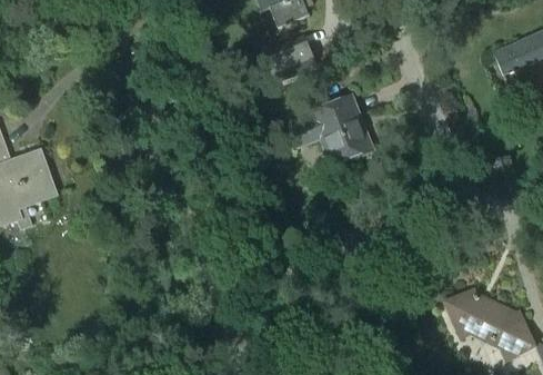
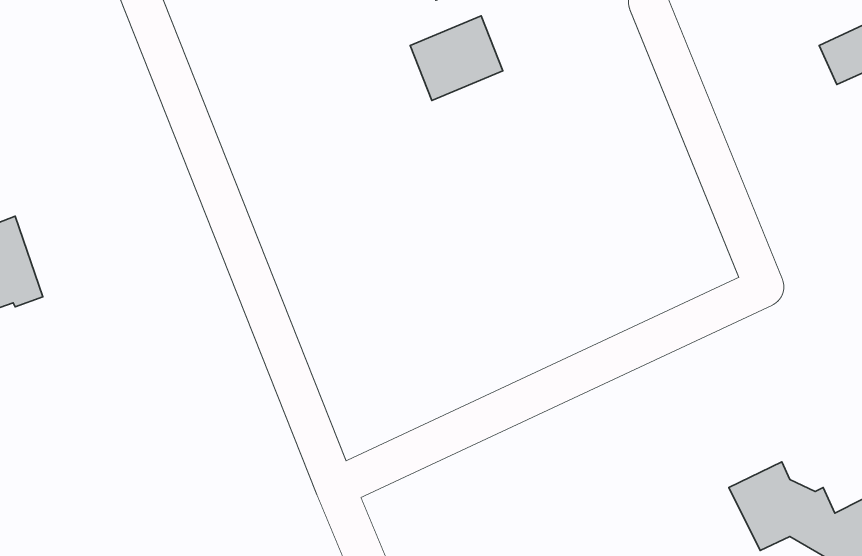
building: [291,98,373,165] -> none

